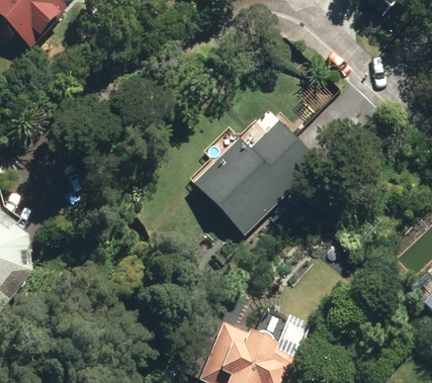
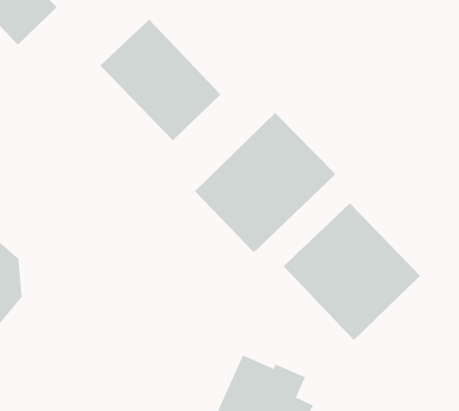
building: none -> [100,19,221,141]
building: none -> [283,202,421,341]

